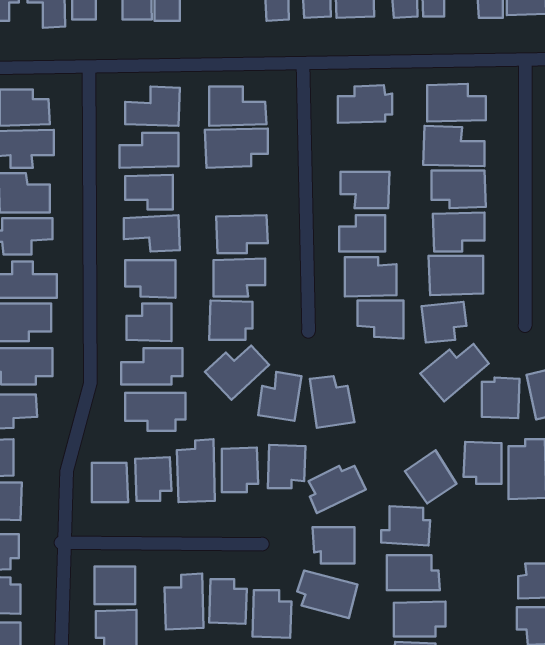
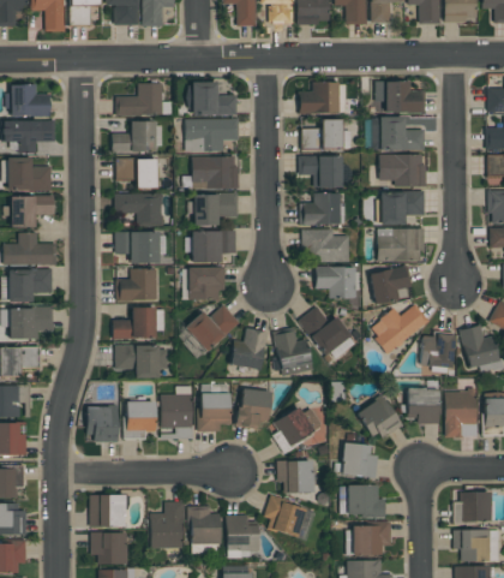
building: none -> [301,119,352,149]
building: none -> [192,156,239,189]
building: none -> [300,306,356,362]

